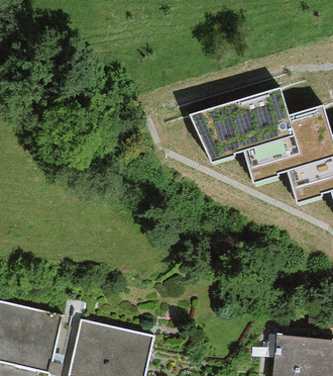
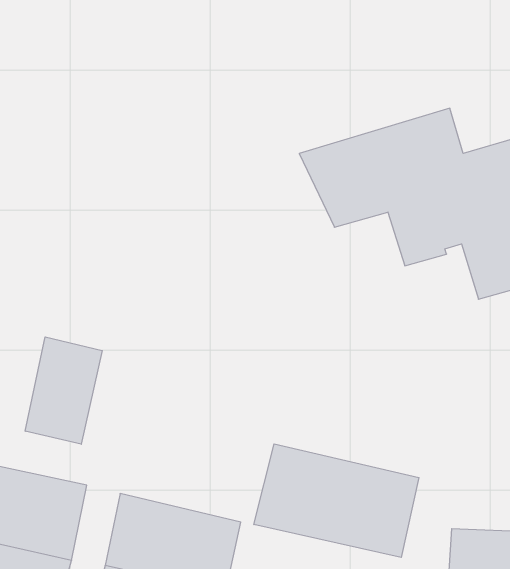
building: none -> [25,337,102,444]
building: none -> [254,444,419,557]

